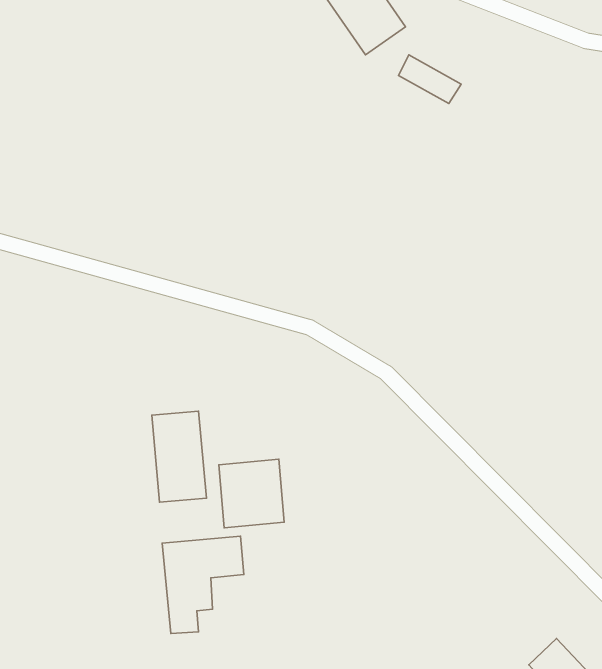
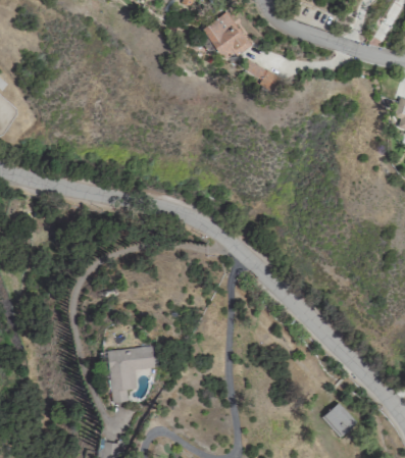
building: [152,411,206,502] -> none
building: [219,459,284,528] -> none

